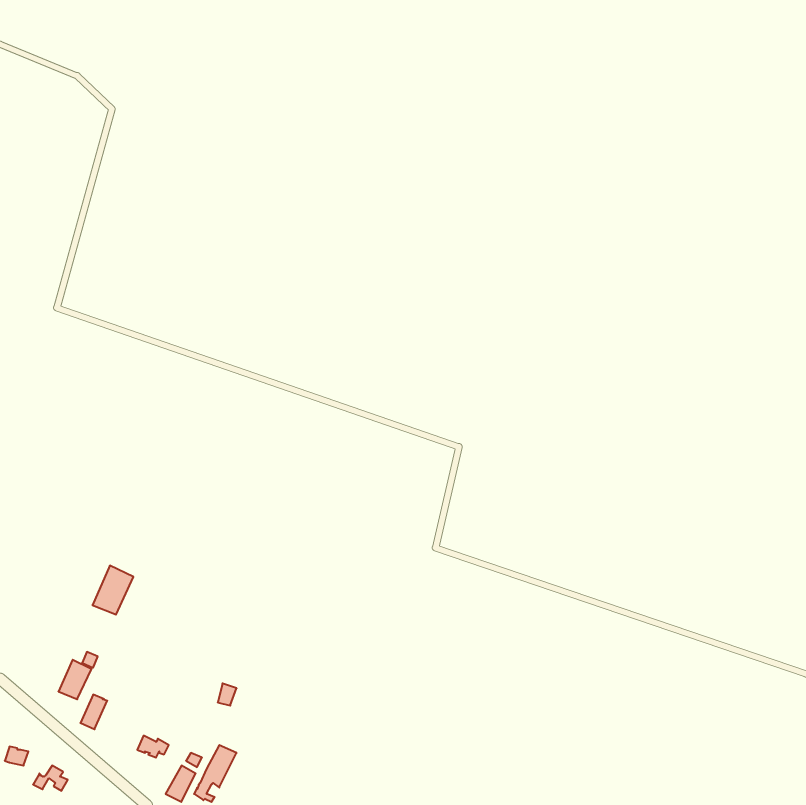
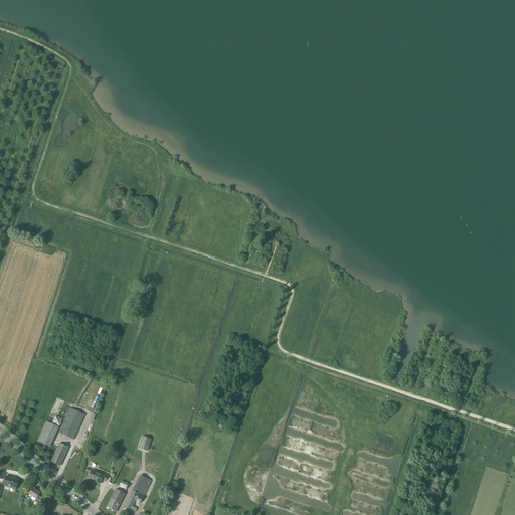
building: [92,566,133,615] -> [58,407,84,439]

